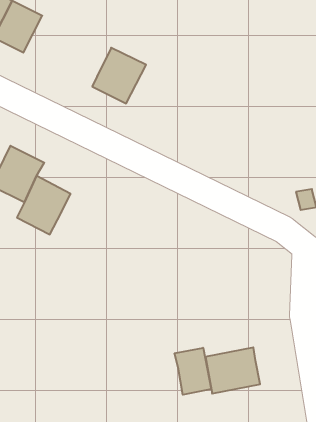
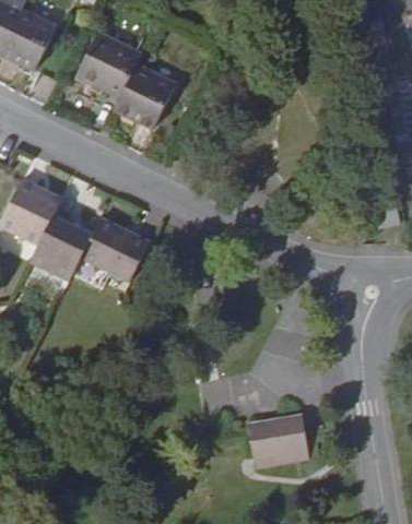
building: none -> [78,34,142,98]
building: none -> [79,217,149,282]
building: [175,348,211,395] -> none

